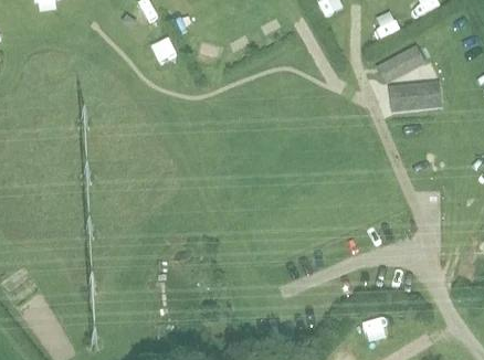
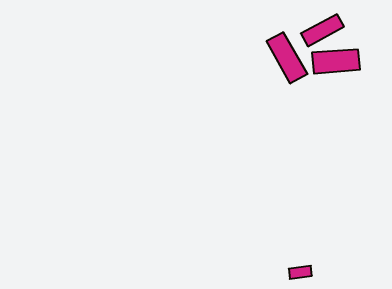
building: none -> [267,32,308,84]

